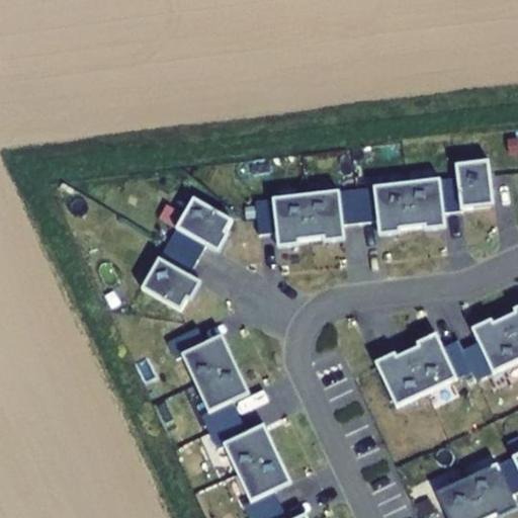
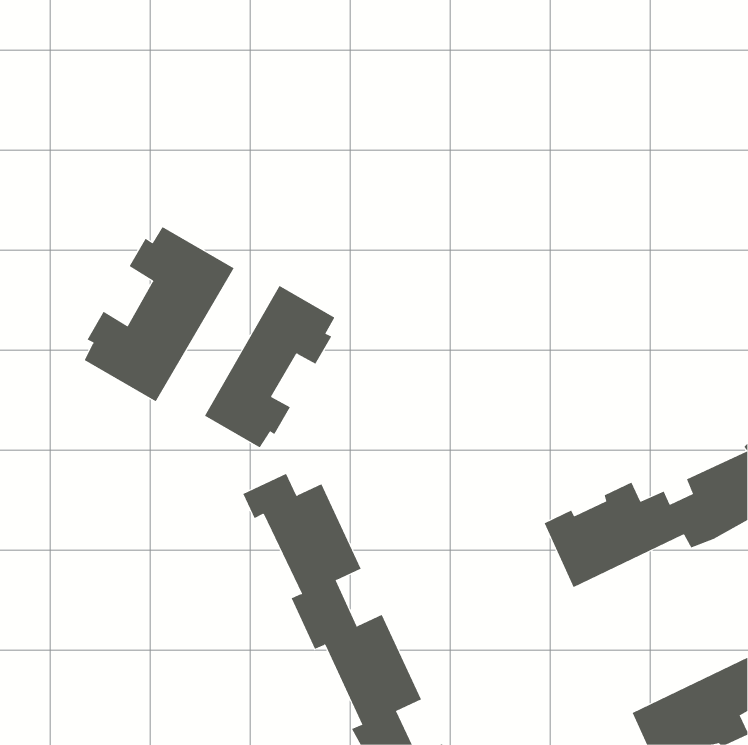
building: none -> [84,226,235,402]
building: [255,159,493,246] -> none

